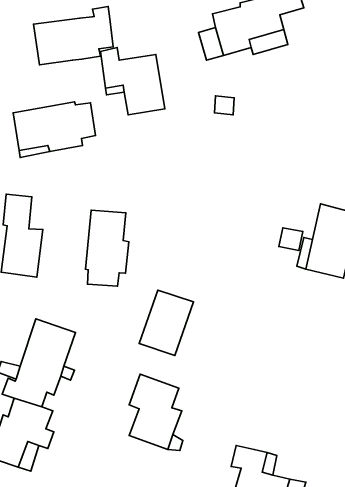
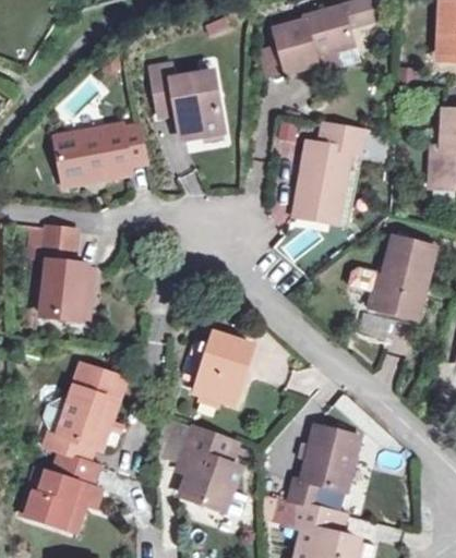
building: [34,7,113,65] -> none
building: none -> [293,123,364,221]
building: [86,210,129,286] -> none
building: none -> [288,425,360,507]

